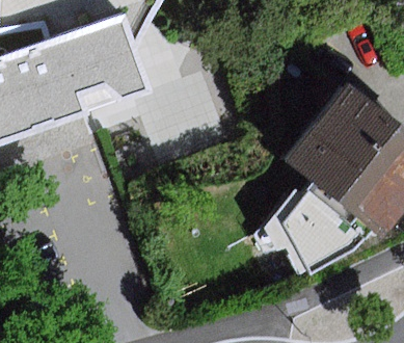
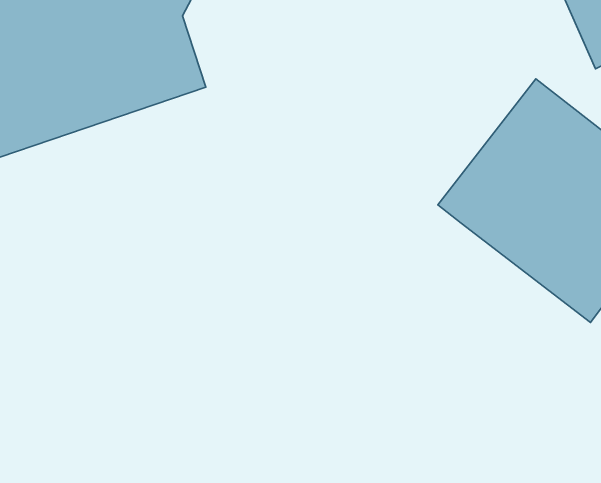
building: [273,170,385,291] -> none

